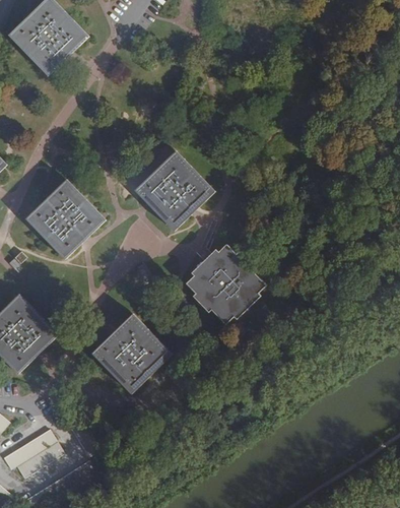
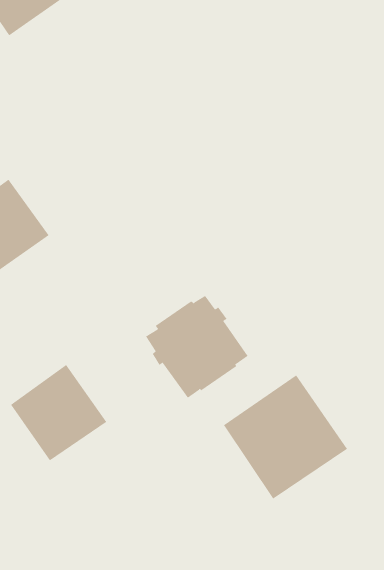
building: [137,152,211,228] -> none
building: none -> [223,374,348,499]

